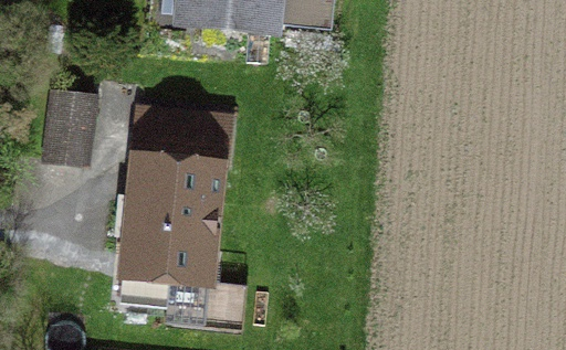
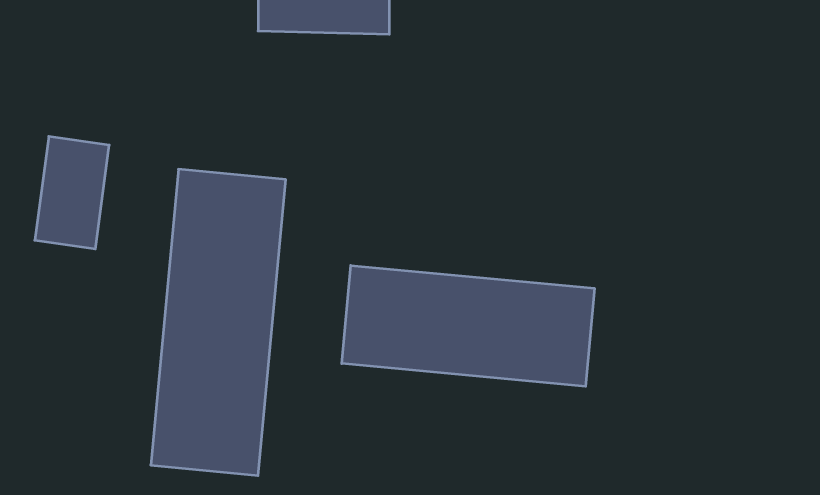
building: none -> [342,265,594,386]

